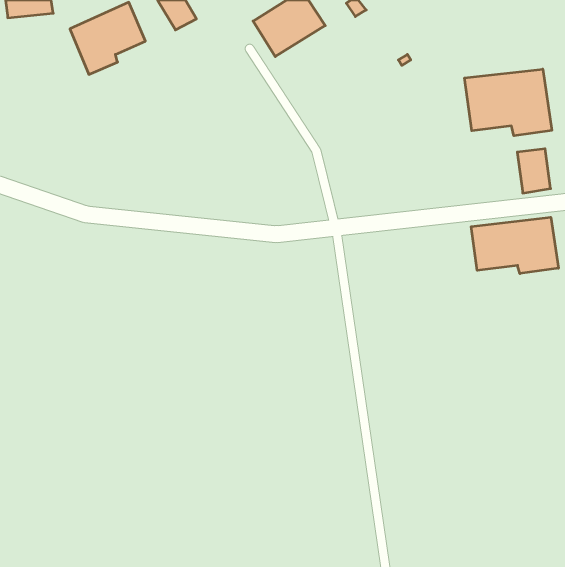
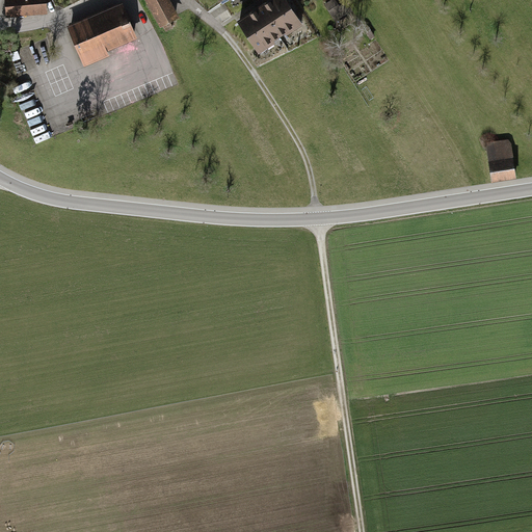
building: [465,69,552,136] -> none
building: [471,217,558,274] -> none

